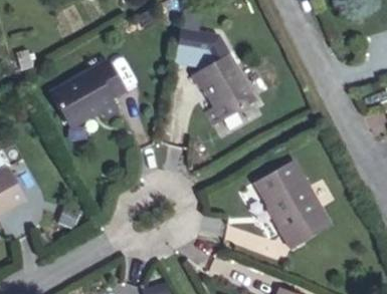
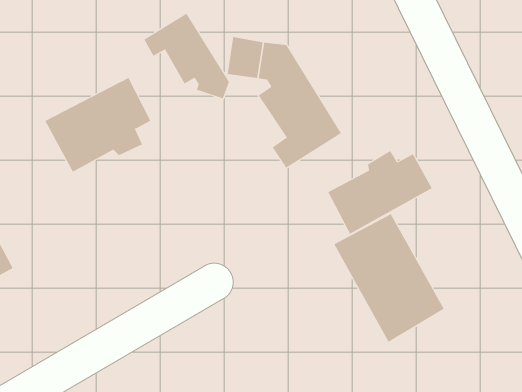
building: none -> [143,13,229,99]
building: none -> [327,150,433,234]

